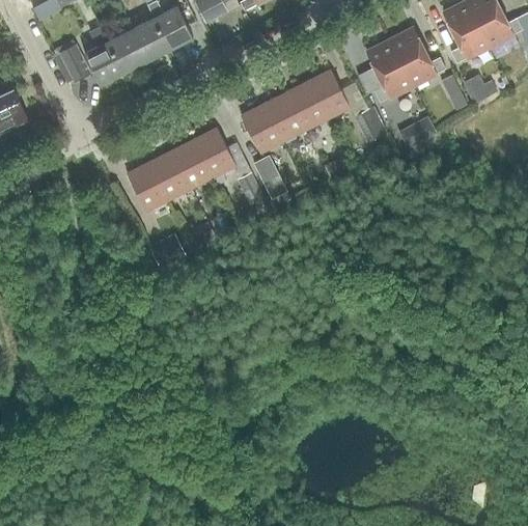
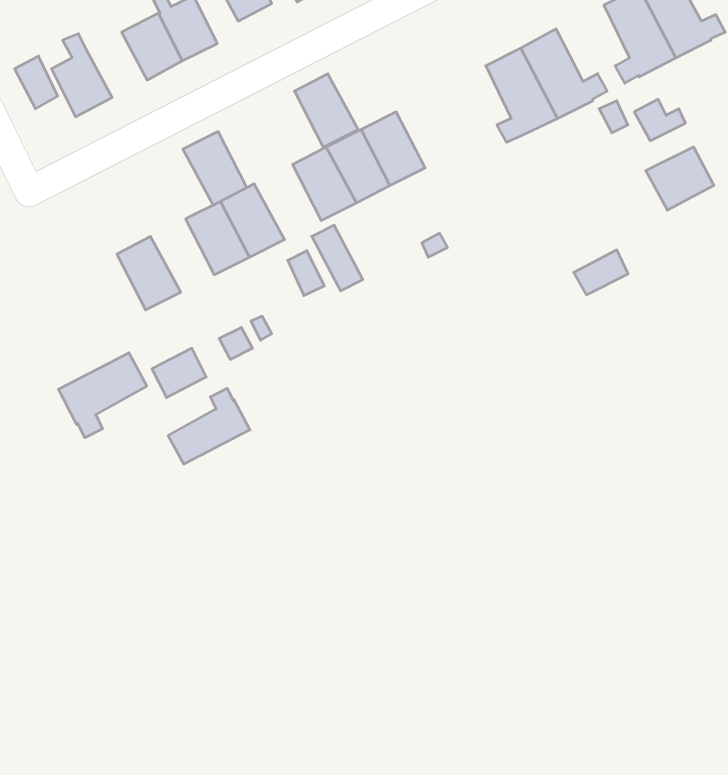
building: [107,30,146,73] -> none
building: [308,71,350,118] -> [294,74,358,147]
building: none -> [646,147,714,210]
building: [353,107,386,143] -> none
building: [398,117,434,146] -> [574,250,628,295]
building: [148,151,190,199] -> [183,132,247,205]
building: none -> [58,353,147,438]
building: none -> [168,388,250,464]

